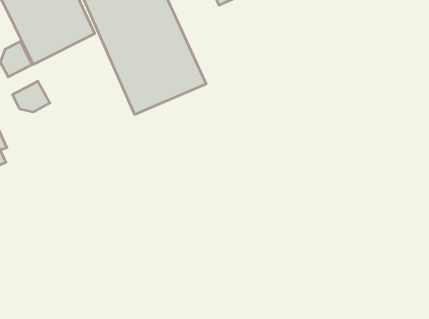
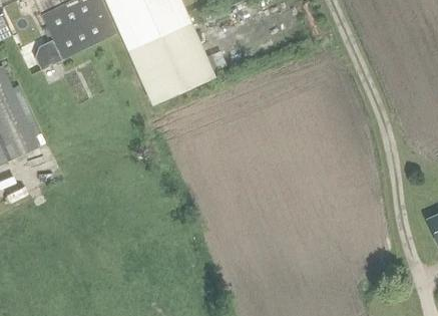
building: [13,81,50,112] -> none

